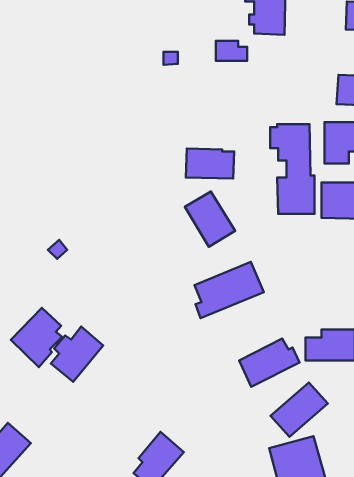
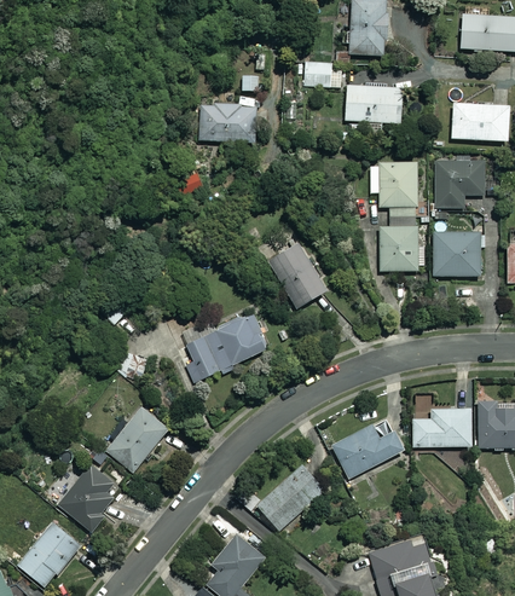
building: none -> [346,85,406,123]
building: [186,148,234,179] -> [198,104,256,140]
building: [194,262,264,318] -> [185,313,268,381]
building: [11,308,62,367] -> [56,462,117,533]
building: [270,383,328,437] -> [258,464,326,530]

